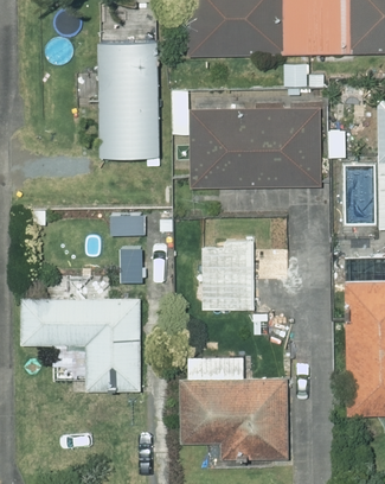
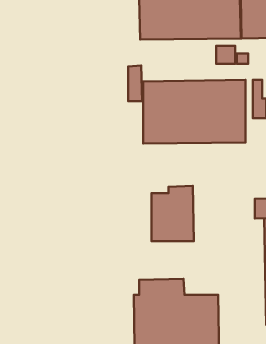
building: [97,40,158,157] -> none
building: [20,298,140,391] -> none

